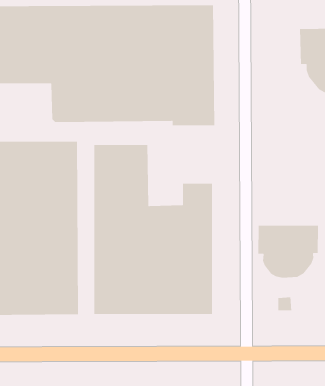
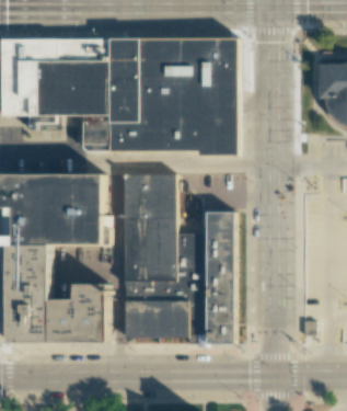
building: [257,225,319,279] -> none

